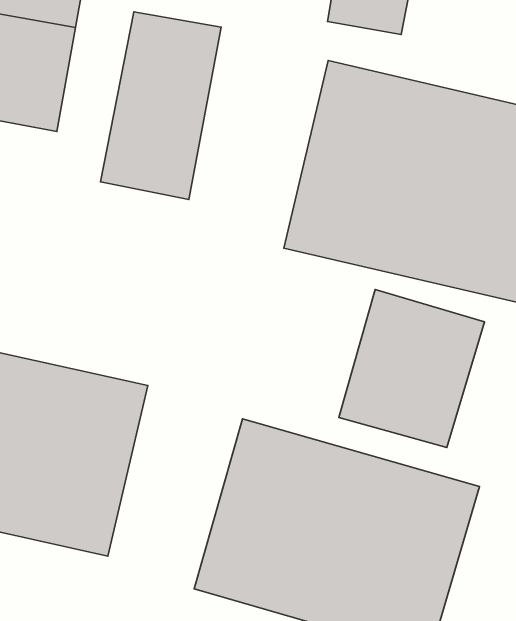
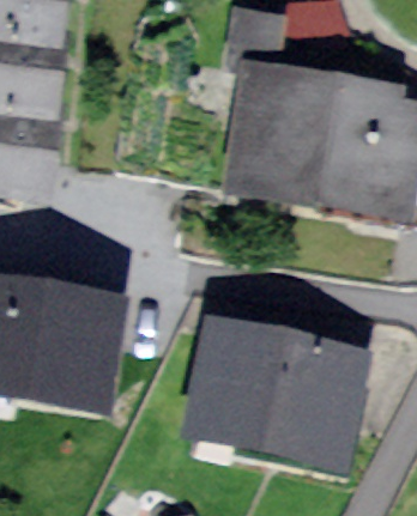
building: [100,12,221,199] -> none
building: [339,290,485,448] -> none

